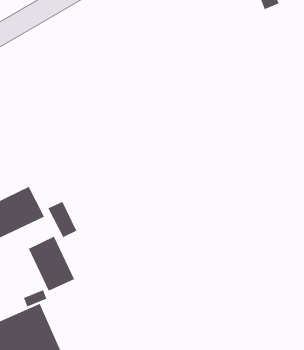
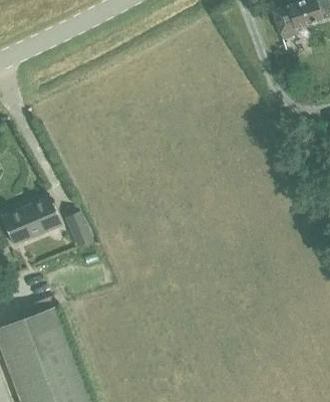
building: [28,236,75,292] -> none

